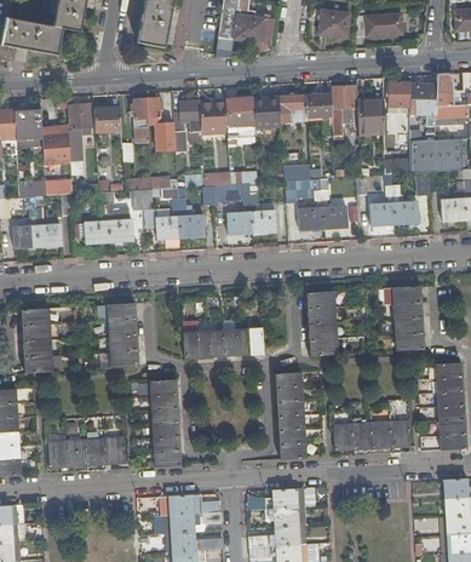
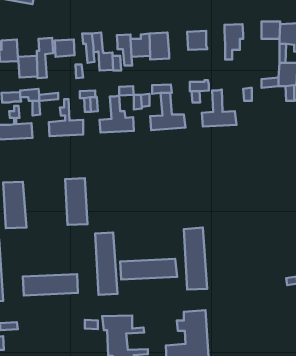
building: [306,93,333,115] -> none
building: [252,96,281,127] -> none
building: [358,99,384,131] -> none
building: [372,185,420,224] -> none
building: [385,285,425,350] -> none
building: [306,291,338,355] -> none
building: [184,327,264,356] -> [120,259,177,279]
building: [335,419,412,451] -> none

